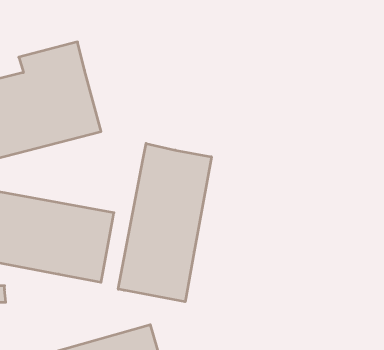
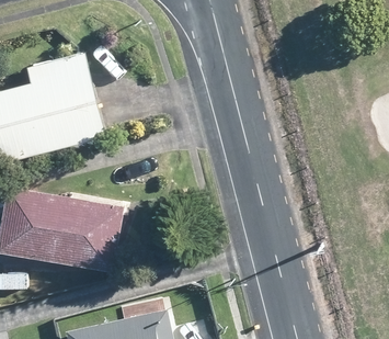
building: [118,143,211,302] -> none

